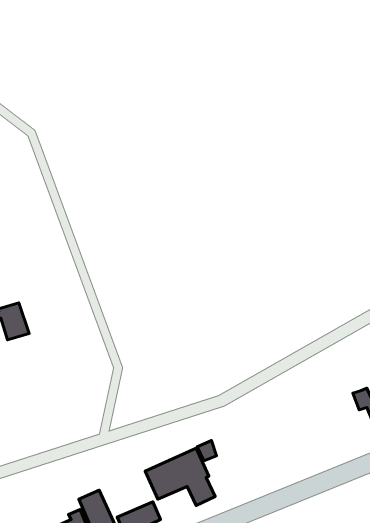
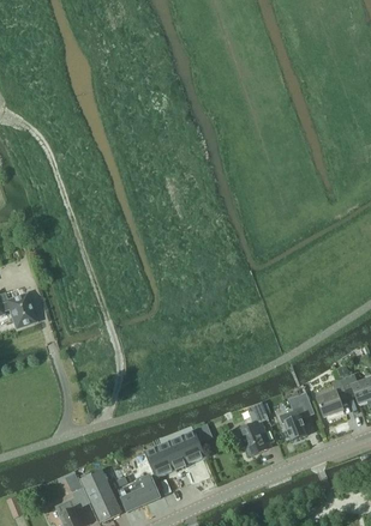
building: none -> [317,370,347,417]
building: none -> [280,393,313,441]
building: none -> [238,401,269,455]

